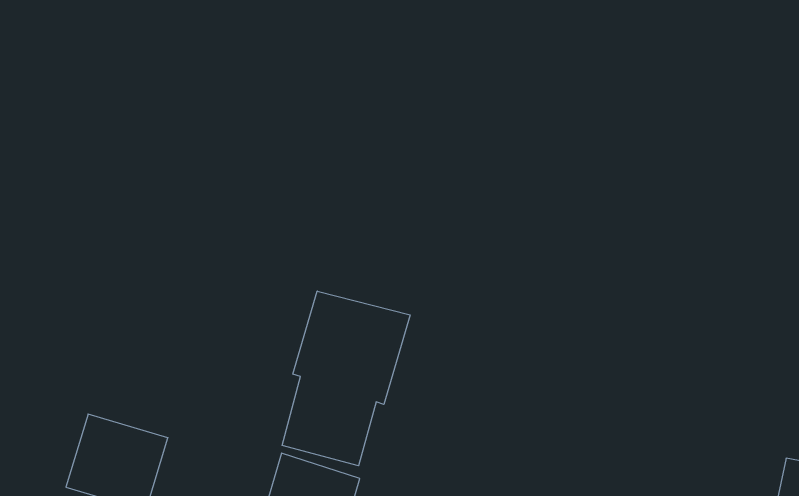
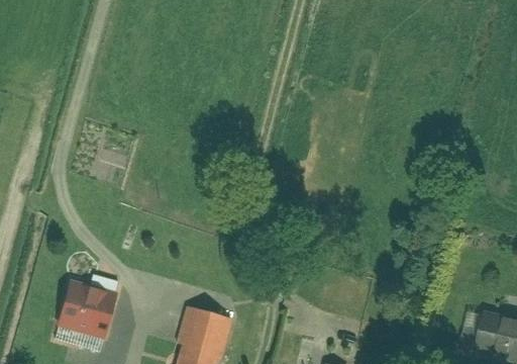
building: [282,291,410,466] -> none

